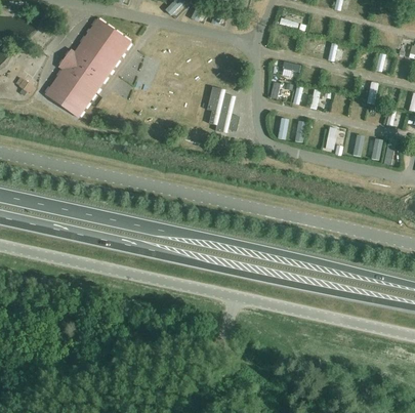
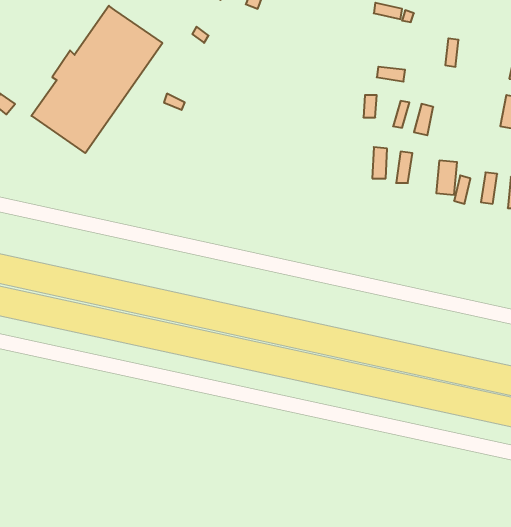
building: [206,87,239,133] -> none

